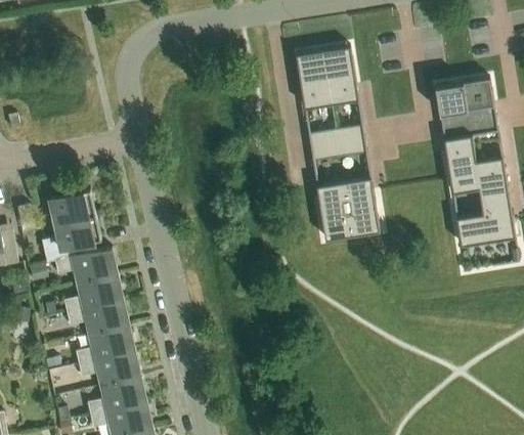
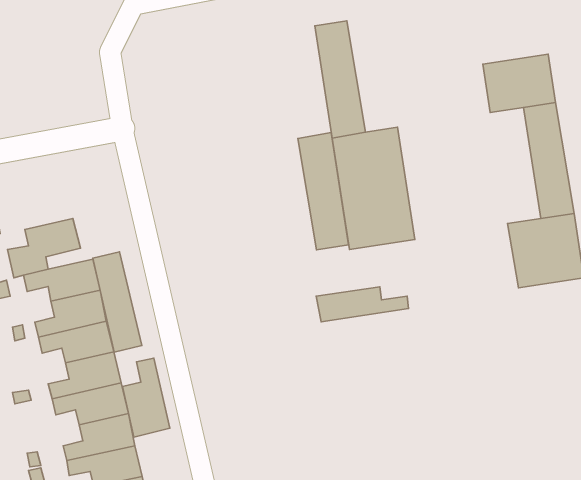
building: [321,43,363,140] -> [298,132,349,250]
building: [440,120,482,216] -> none
building: [48,187,94,221] -> none
building: none -> [93,252,142,352]
building: none -> [316,287,408,322]
building: none -> [122,358,170,437]

